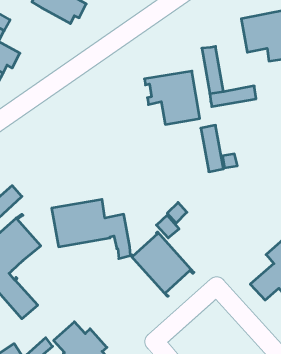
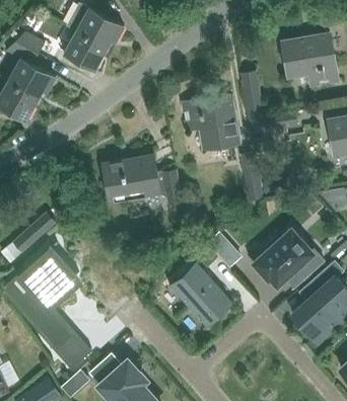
building: none -> [65,31,107,70]
building: [52,199,131,259] -> [101,155,183,216]
building: none -> [252,230,319,291]

